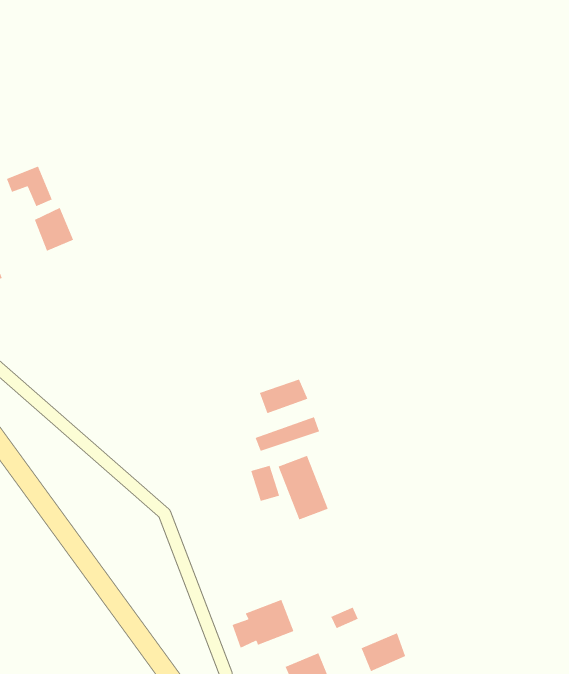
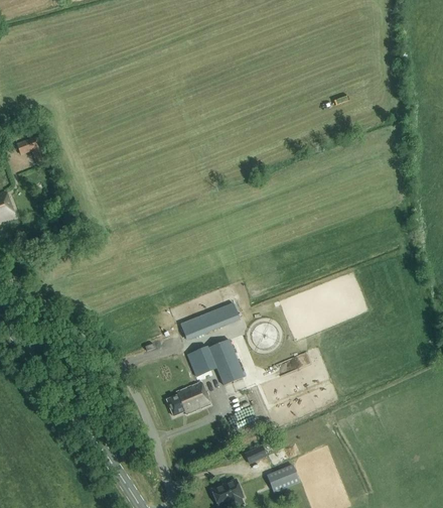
building: [34,207,74,252] -> none
building: [259,378,309,414] -> none
building: [232,599,295,649] -> [166,380,210,415]

